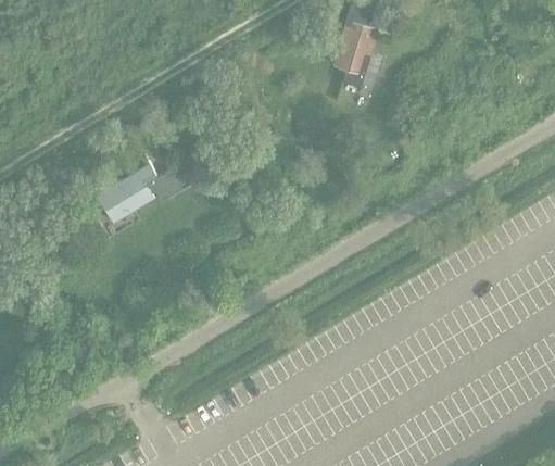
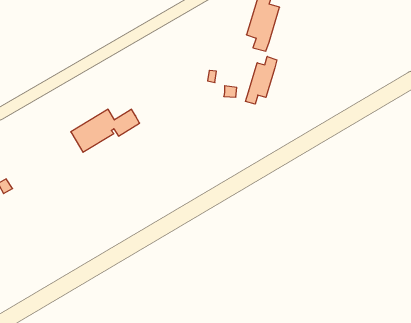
building: none -> [245,56,277,104]

